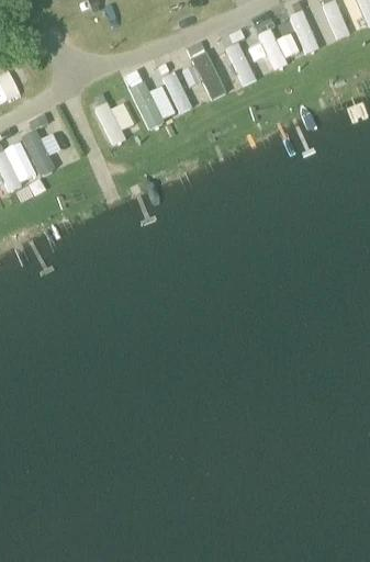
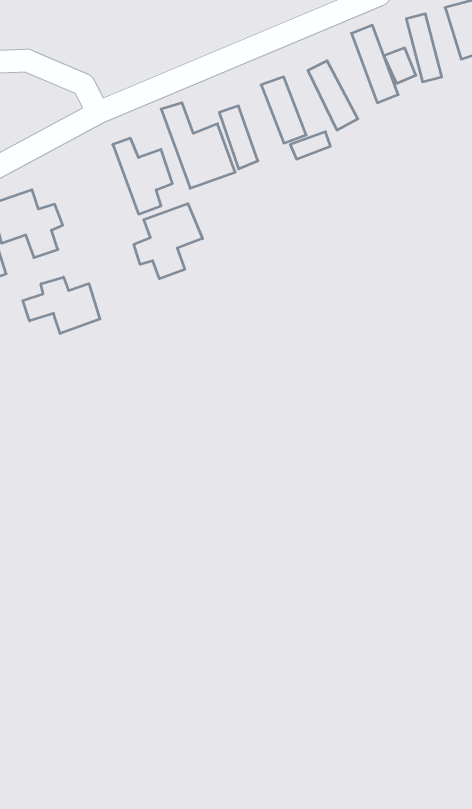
building: none -> [134,204,203,279]
building: none -> [23,277,100,334]

